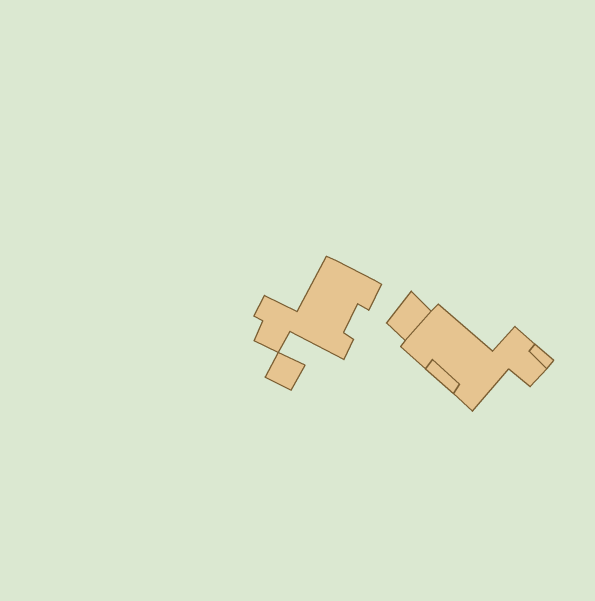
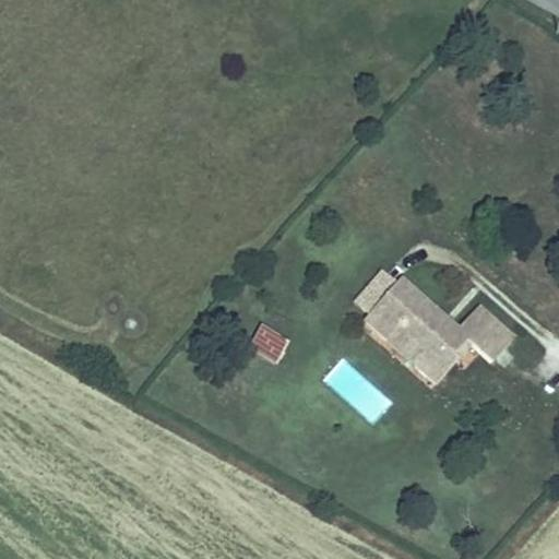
building: [254,256,382,360] -> none

